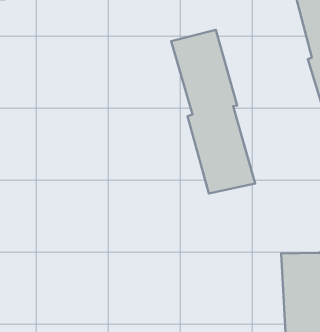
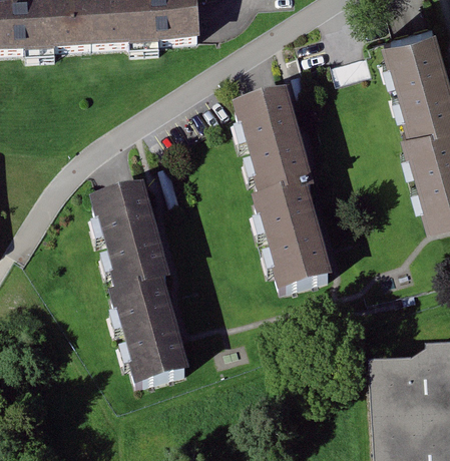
building: none -> [86,180,190,383]

